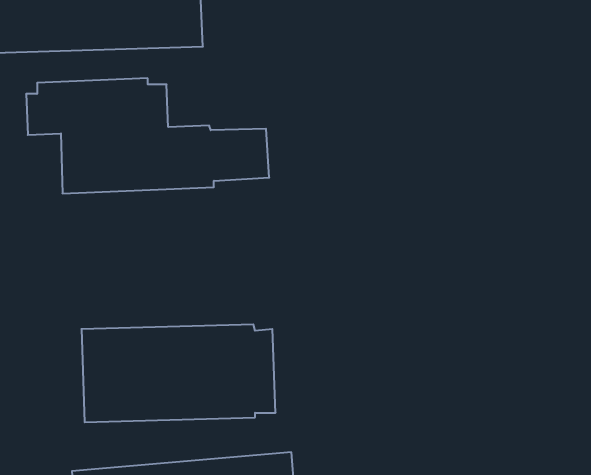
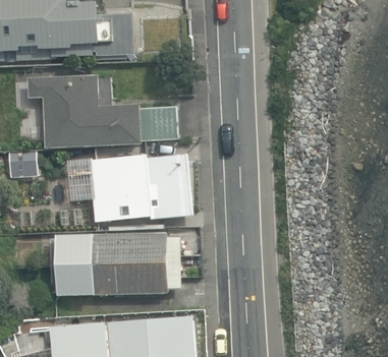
building: none -> [89,153,193,228]

